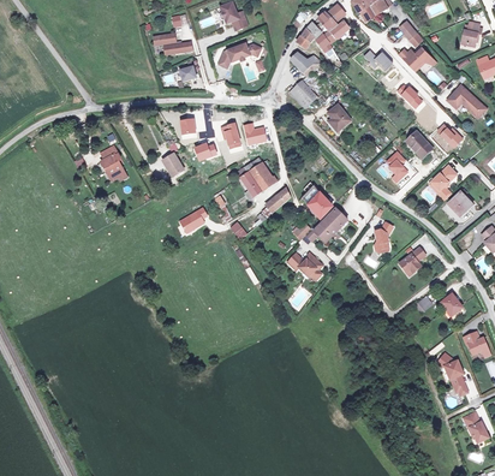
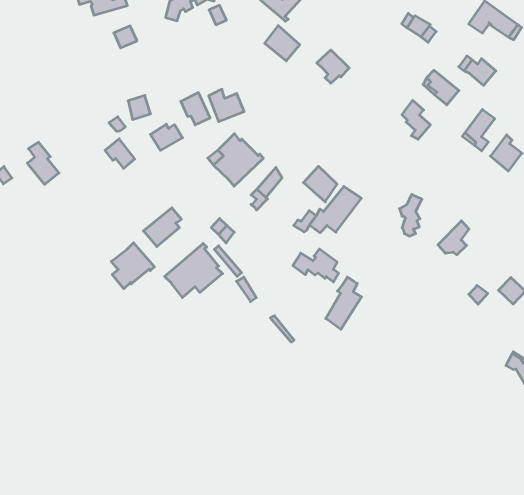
building: none -> [111,243,154,289]
building: none -> [165,243,223,298]
building: none -> [326,277,362,329]

